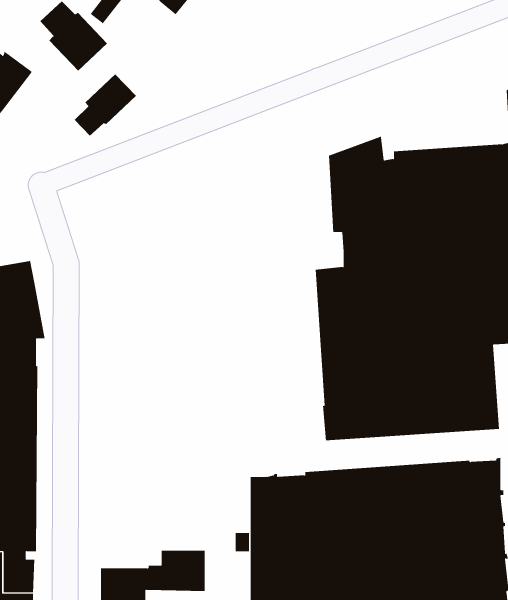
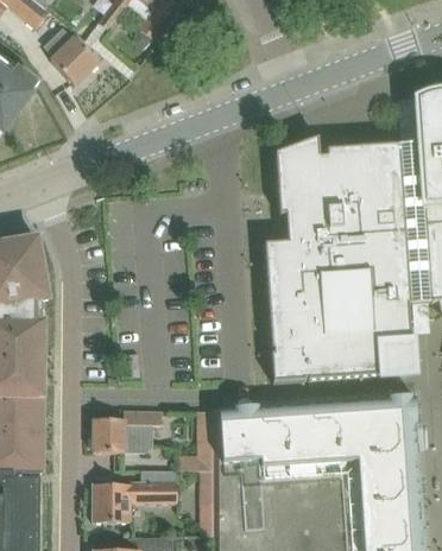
building: [74,73,137,136] -> none
building: none -> [95,410,164,451]

